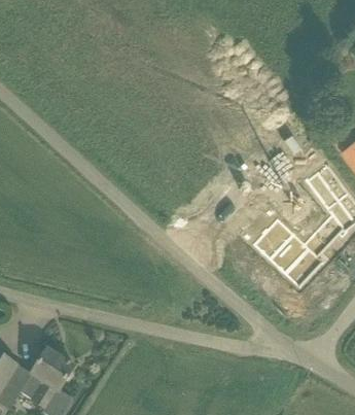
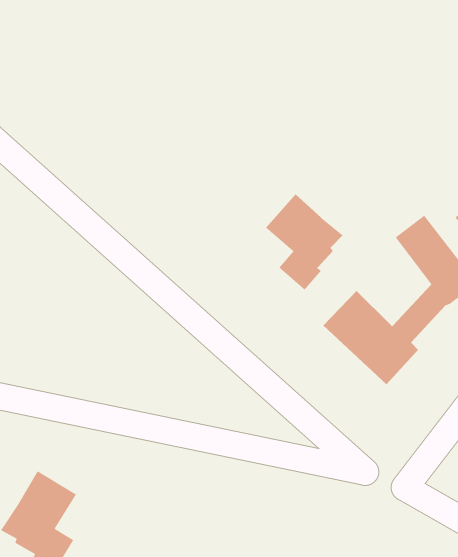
building: none -> [265,193,343,291]

